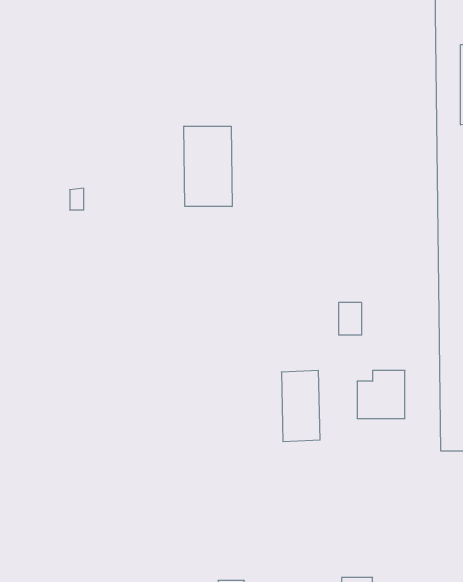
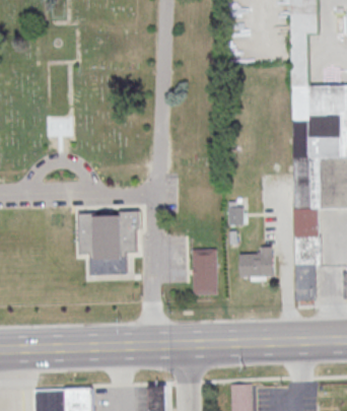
building: [184,126,232,207] -> none
building: none -> [76,211,138,275]

